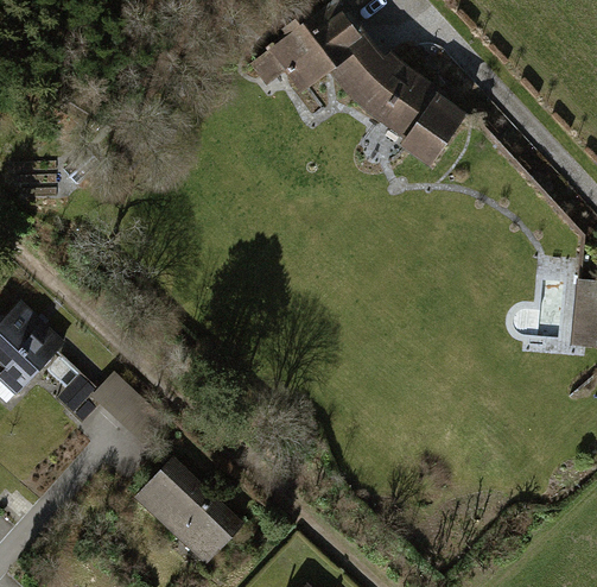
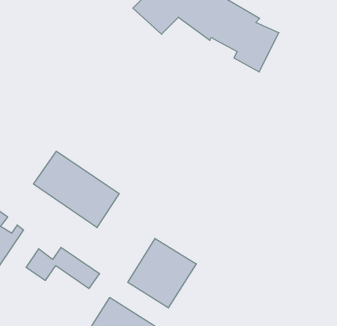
building: none -> [34,151,119,228]
building: none -> [128,238,196,308]

